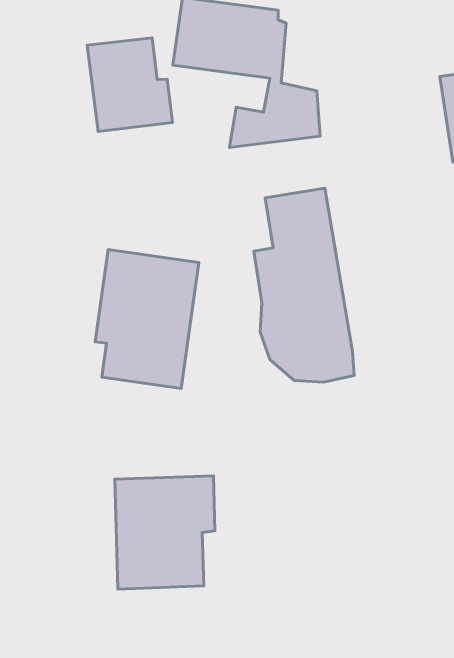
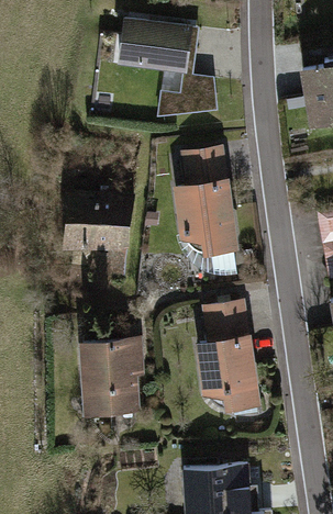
building: [87,38,173,131] -> none
building: none -> [193,299,259,412]

